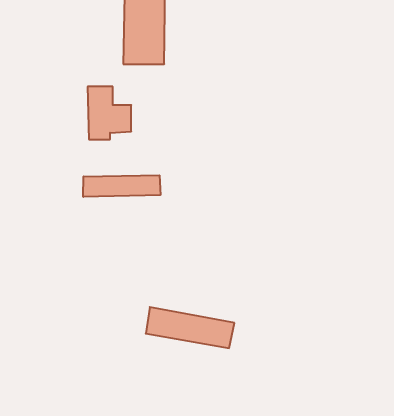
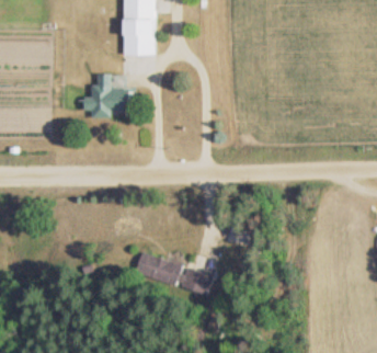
building: [83,175,160,197] -> none

